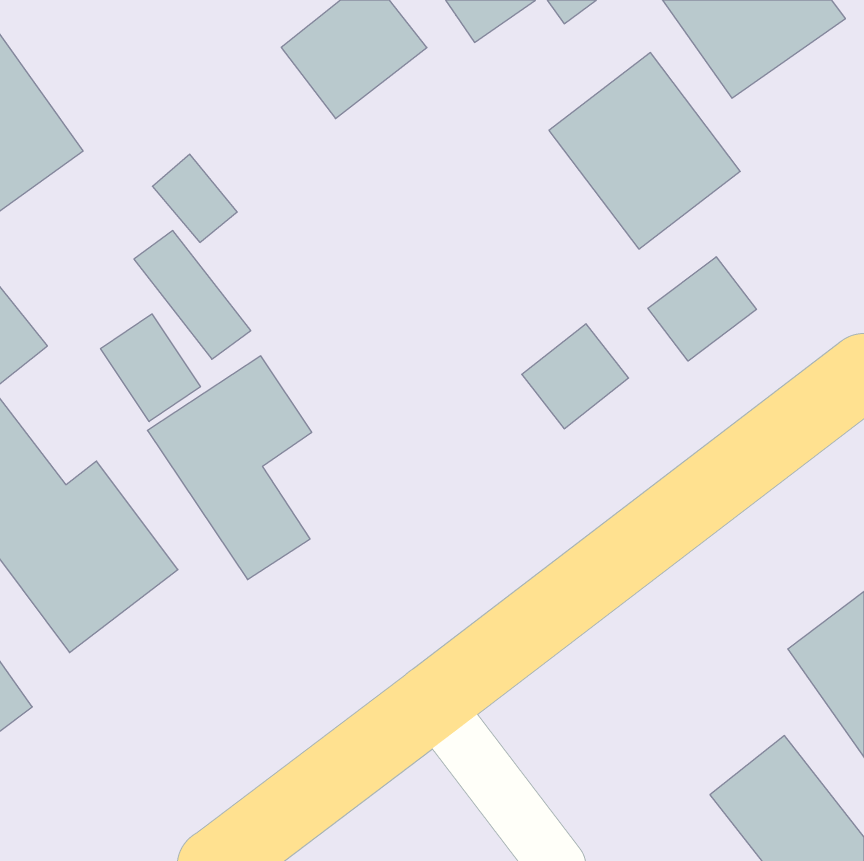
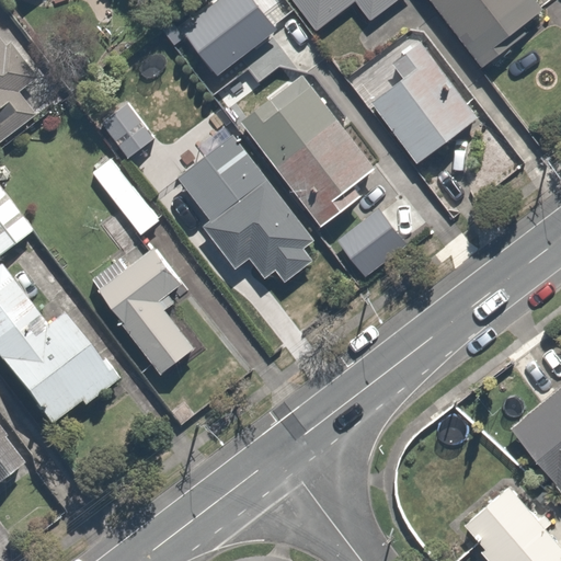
building: none -> [241,75,381,219]
building: none -> [174,117,312,287]
building: [648,257,756,361] -> none
building: [101,314,200,422] -> none

